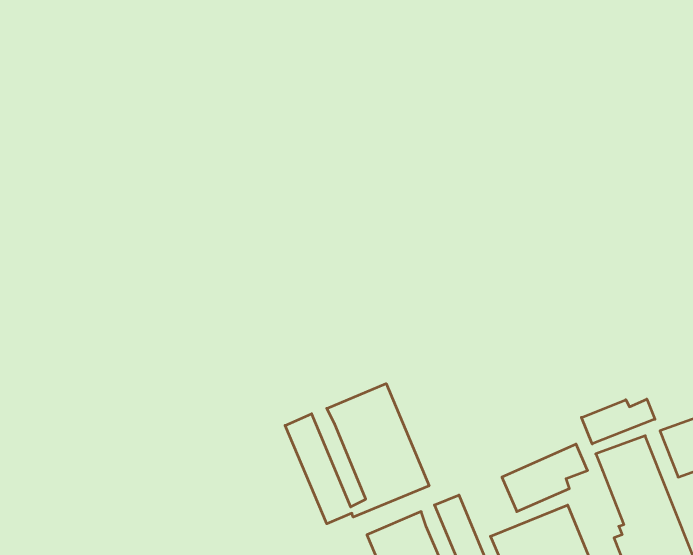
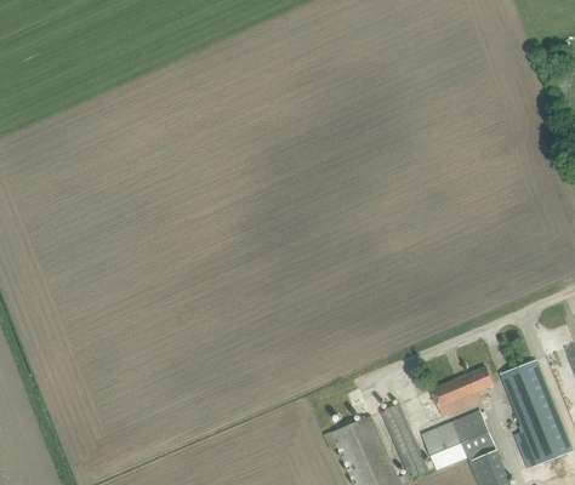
building: [285,384,429,524] -> none
building: [581,399,655,444] -> none

